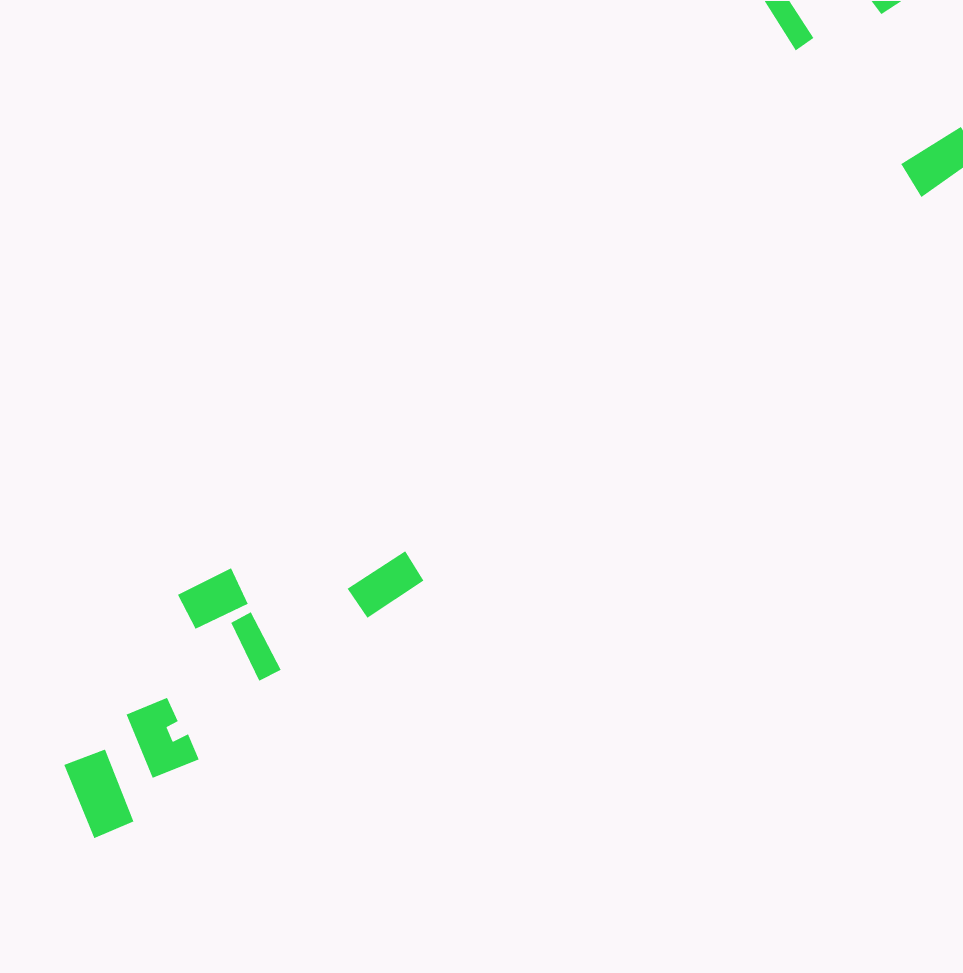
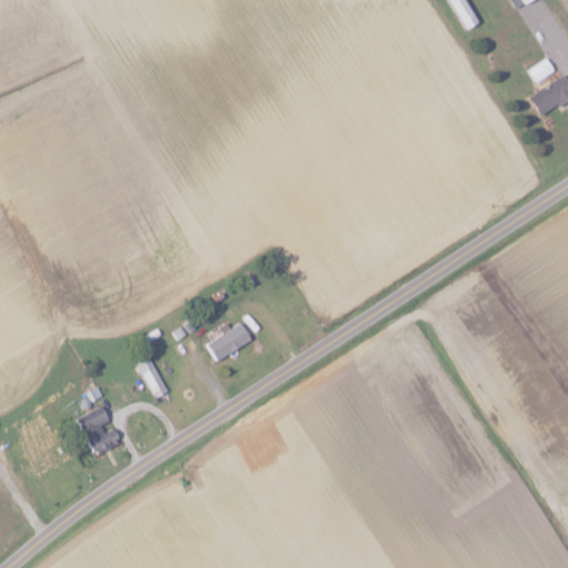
building: [177,567,249,630] -> none
building: [63,748,134,839] -> none

